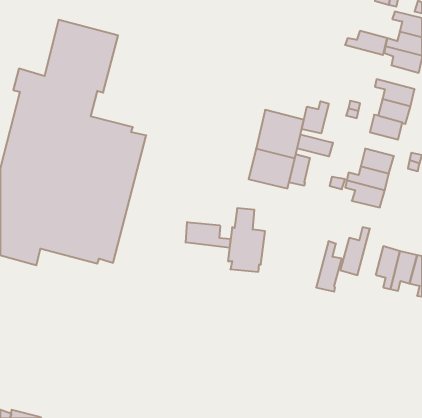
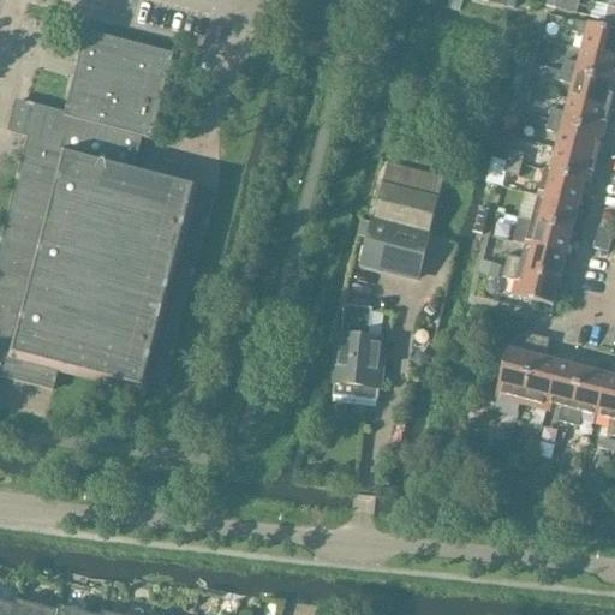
building: [345,31,387,55] -> [548,95,609,130]
building: [302,101,329,133] -> none
building: none -> [532,192,579,227]
building: [297,134,333,156] -> none
building: [289,154,310,186] -> none
building: [186,222,231,248] -> none
building: [316,241,342,292] -> [520,333,557,406]

